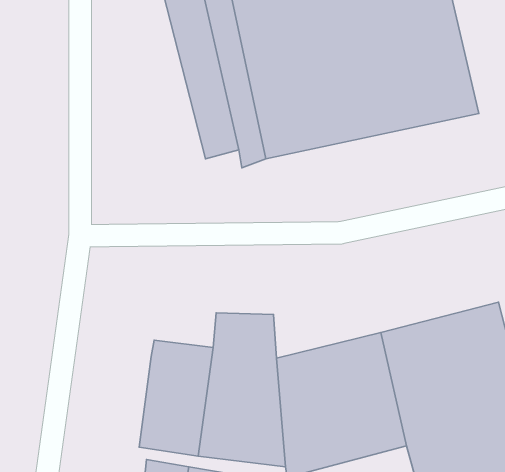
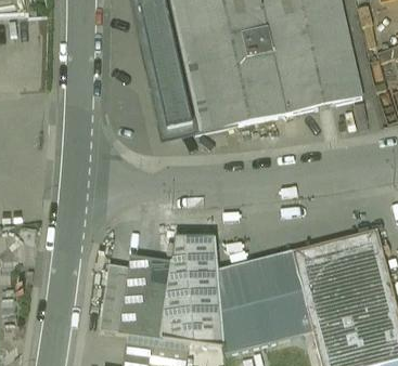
building: none -> [99,266,128,334]

